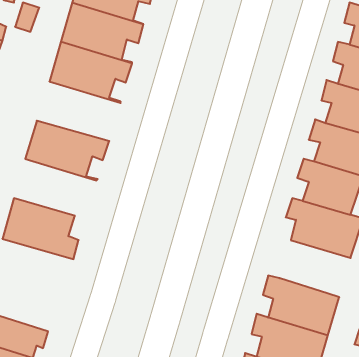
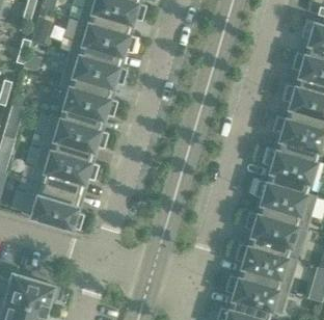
building: none -> [49,84,117,133]
building: none -> [30,148,98,194]
building: none -> [243,211,305,258]

